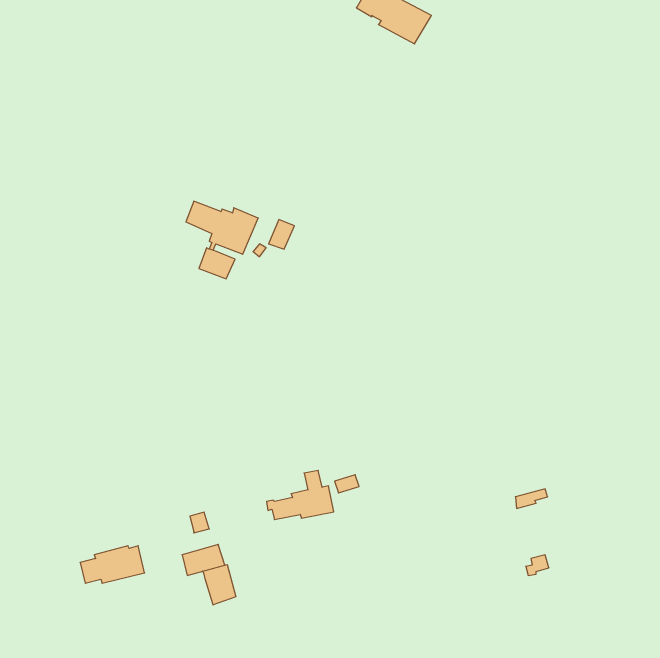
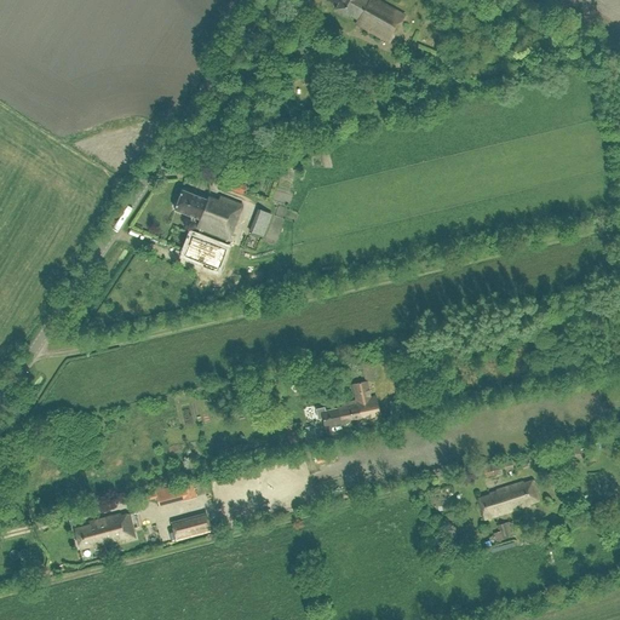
building: [267,470,334,520] -> [317,380,380,426]
building: none -> [477,478,540,518]
building: [203,565,236,605] -> none

